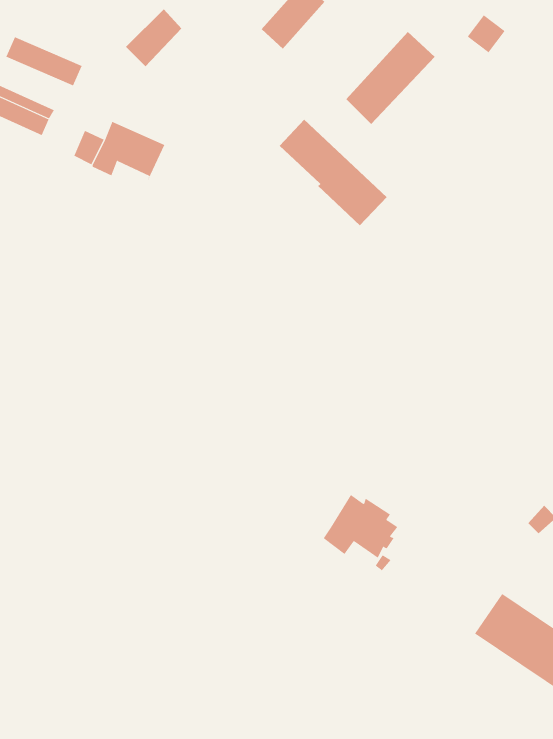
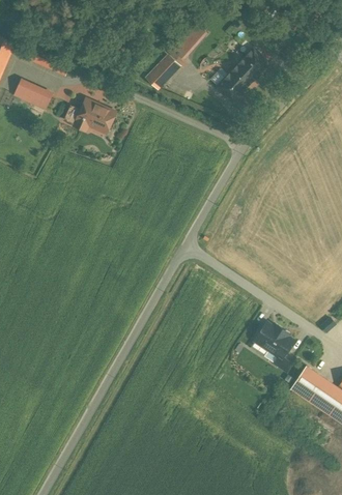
building: [125,8,182,67] -> [146,56,178,89]
building: [279,119,388,226] -> none
building: [323,494,398,558] -> [251,322,293,358]

